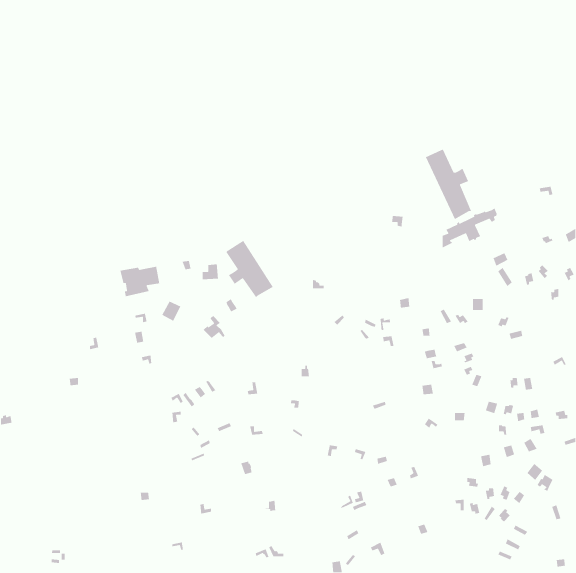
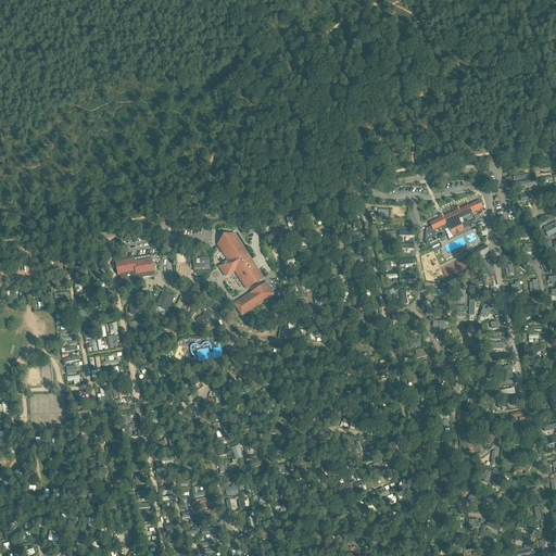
building: [425,149,472,220] -> none
building: none -> [233,280,275,314]

